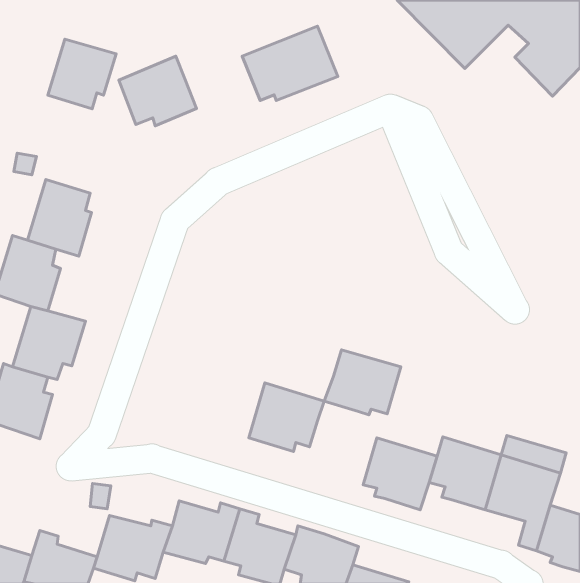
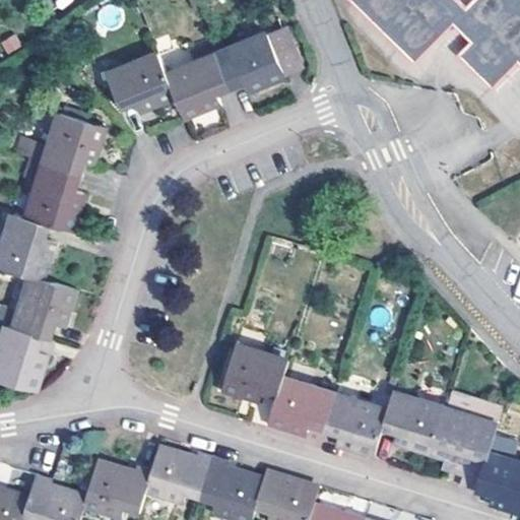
building: [48,39,116,109] -> [41,111,102,173]
building: none -> [165,51,232,117]
building: [324,350,401,415] -> [267,375,335,433]

